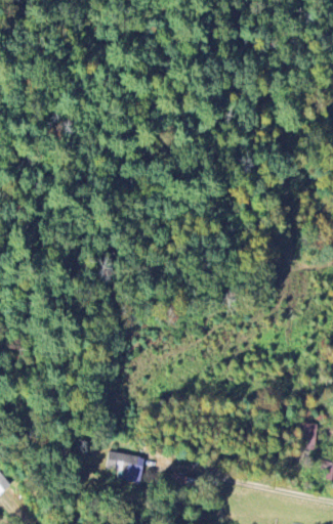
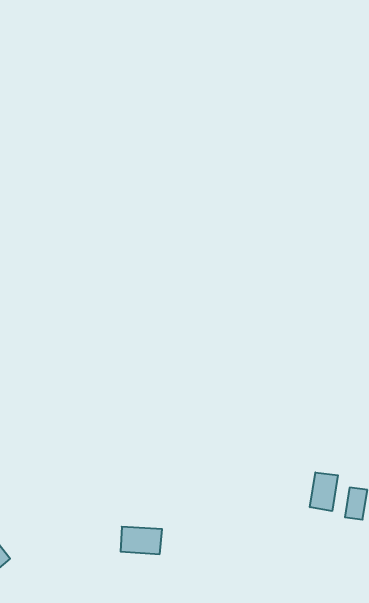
building: none -> [310,472,338,511]

